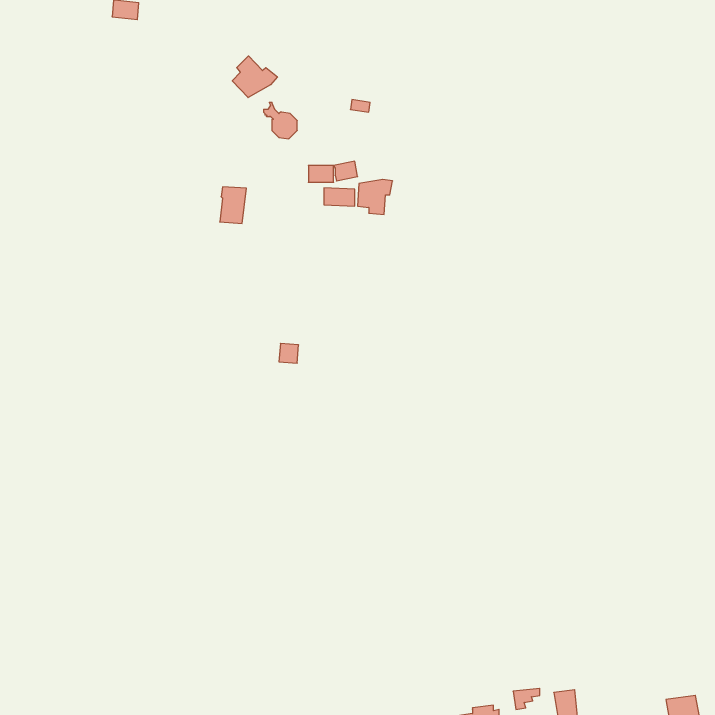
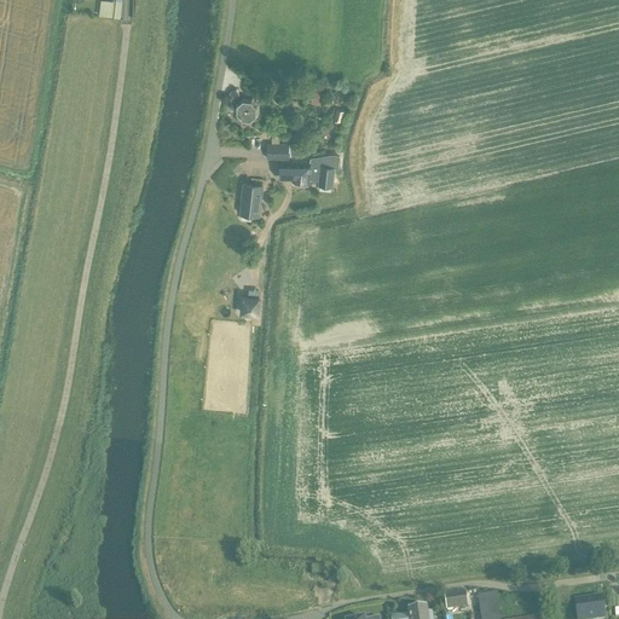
building: [232,56,277,98] -> none
building: [220,187,246,223] -> [239,185,262,216]

